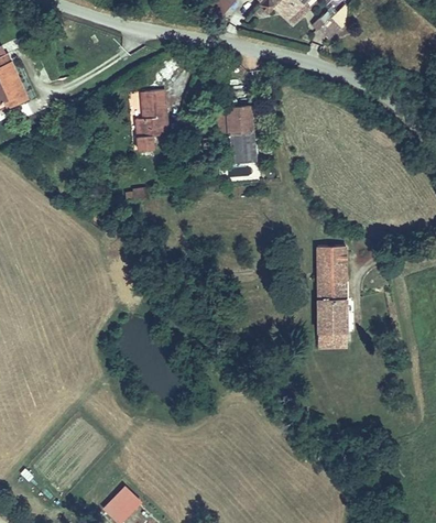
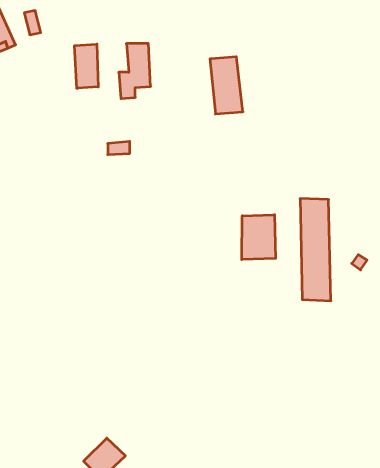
building: none -> [75,44,98,88]
building: none -> [242,215,276,260]

